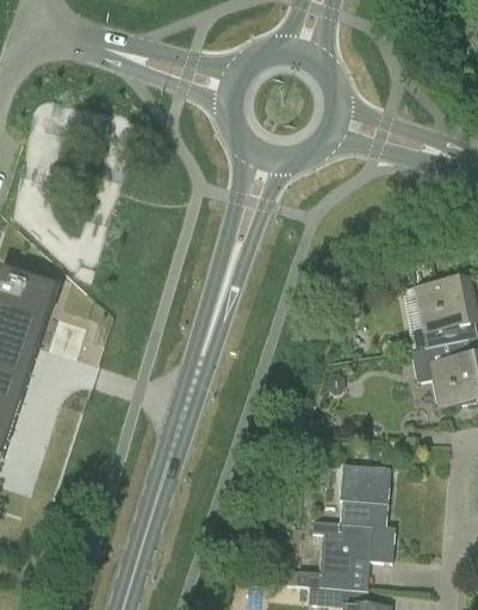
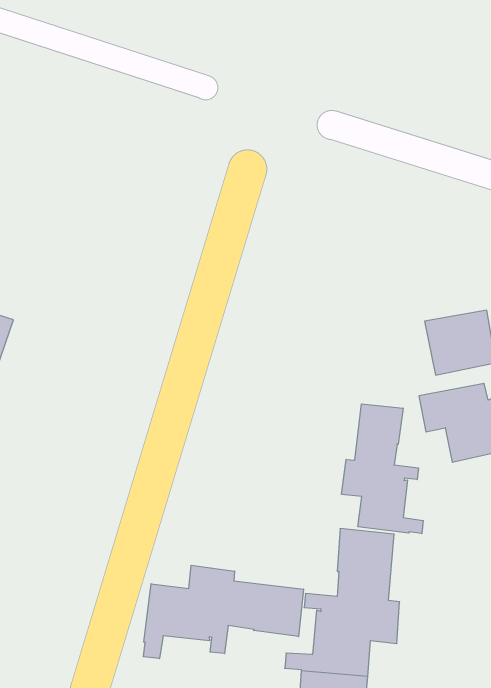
building: none -> [342,404,423,534]
building: none -> [143,565,303,659]

